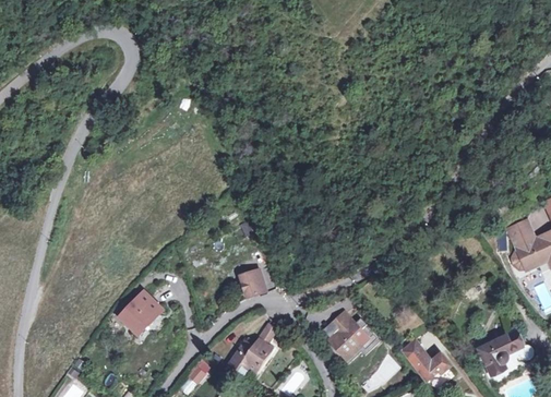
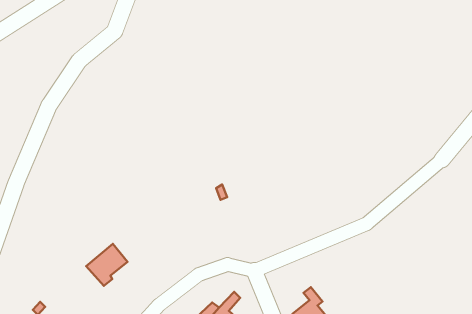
building: [240,268,267,298] -> none

